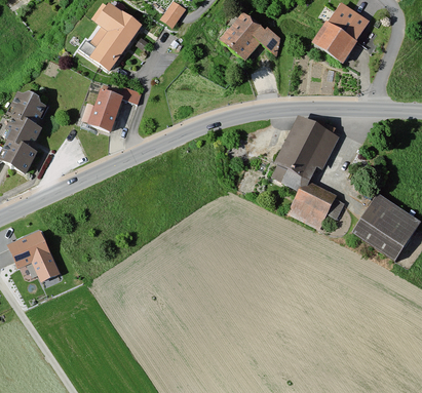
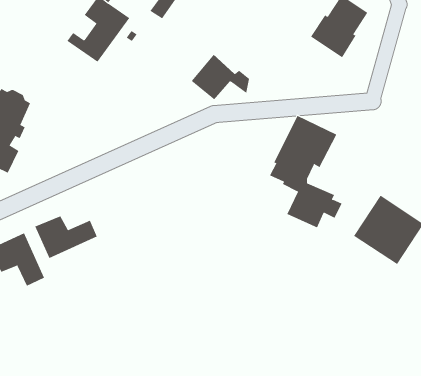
building: [222,14,278,58] -> [191,54,250,100]
building: [82,84,142,130] -> none
building: none -> [34,215,98,259]

